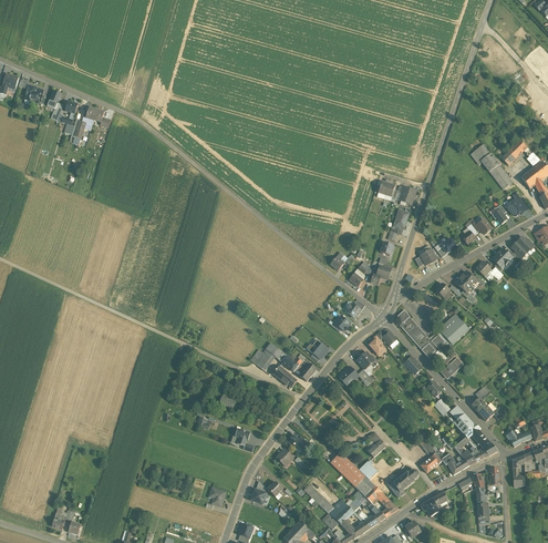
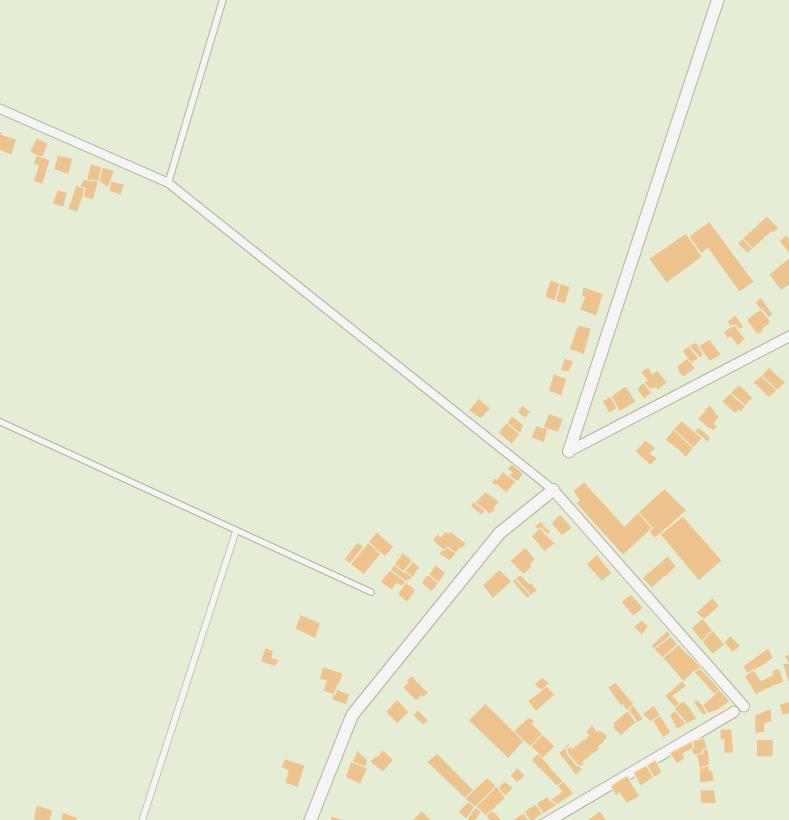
building: none -> [648,233,703,283]
building: none -> [660,516,722,581]

